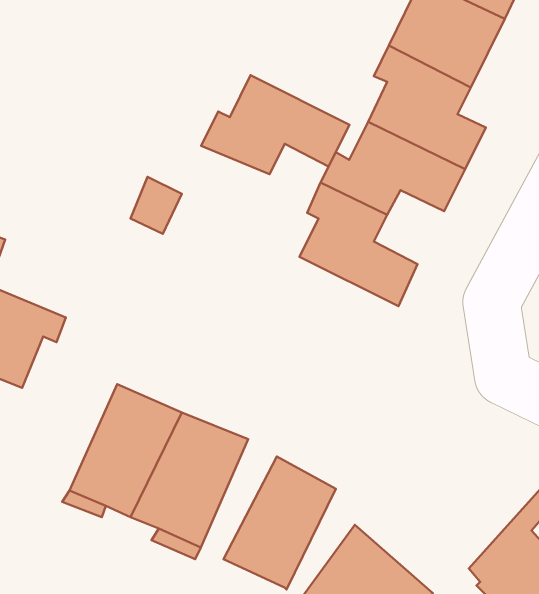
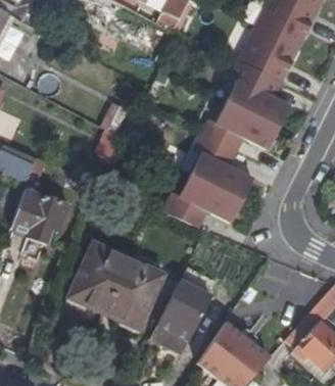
building: [201,75,349,174] -> [166,173,246,226]

